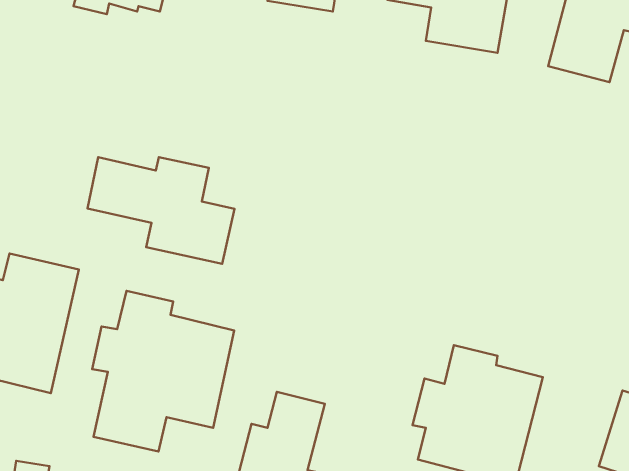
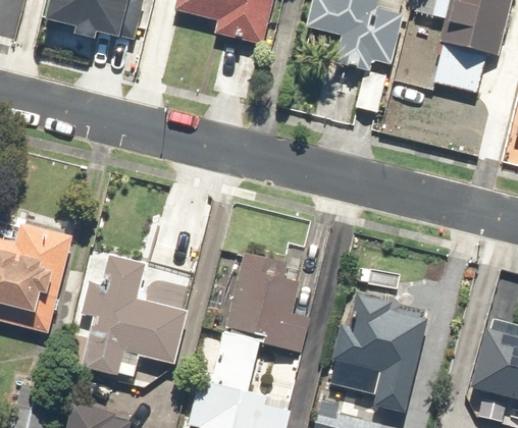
building: [88,157,235,264] -> none
building: none -> [222,252,310,352]

